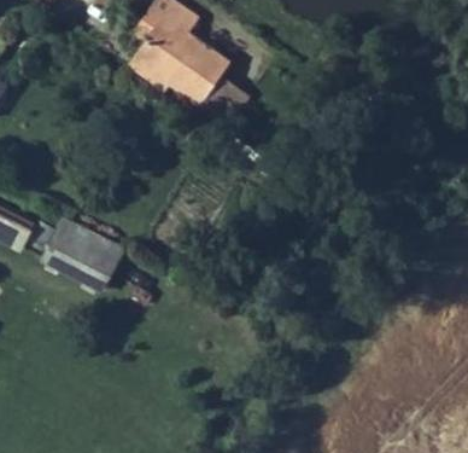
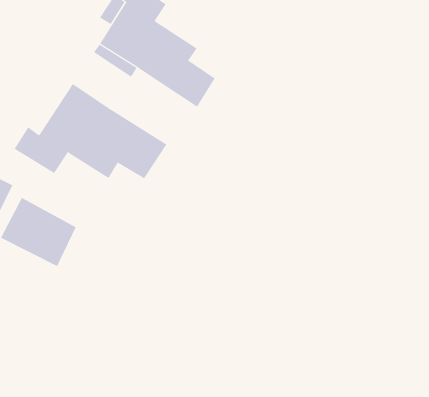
building: none -> [14,83,167,179]

